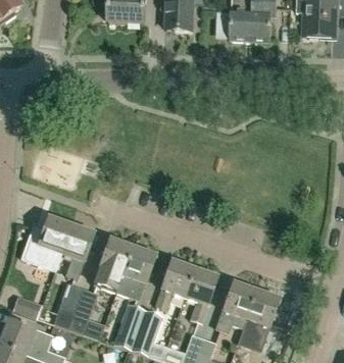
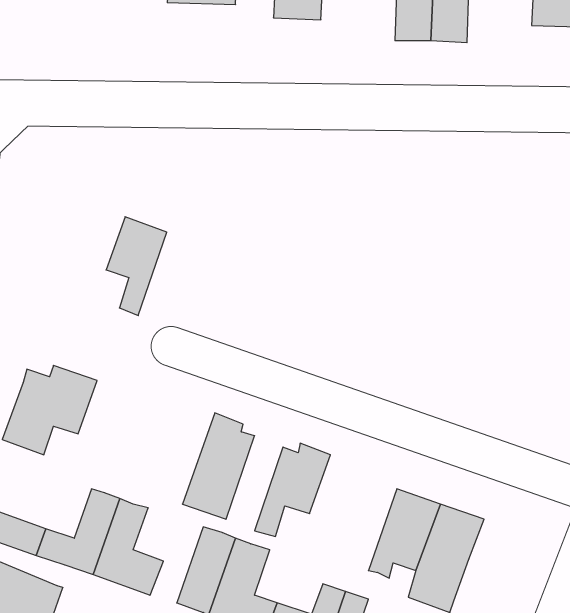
building: [60,225,93,278] -> [106,217,167,316]
building: [93,238,134,292] -> none
building: [185,265,217,321] -> none

